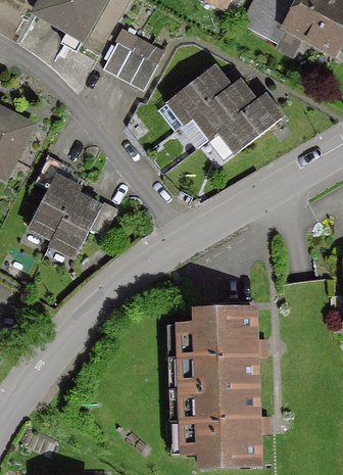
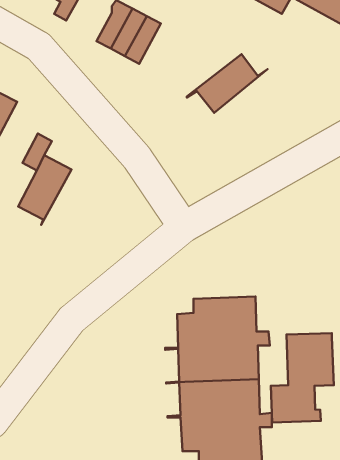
building: [158,65,239,129] -> none
building: [208,94,281,158] -> none
building: [51,188,116,253] -> none
building: none -> [271,333,334,423]

